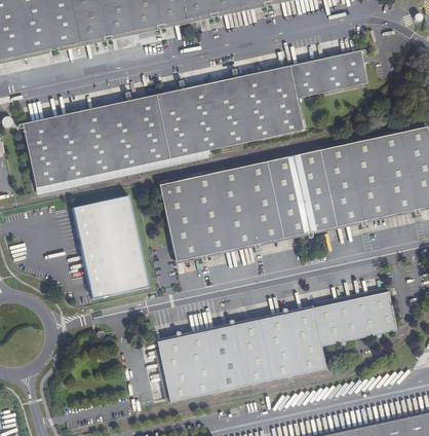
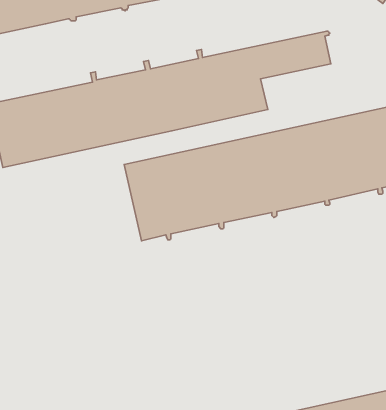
building: [72,197,148,300] -> none
building: [158,292,396,402] -> none

